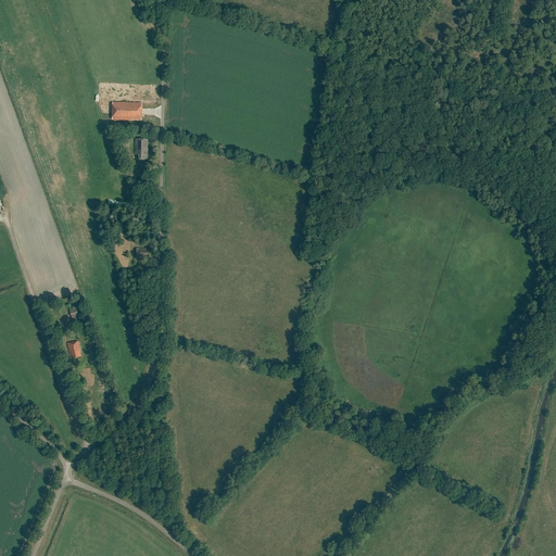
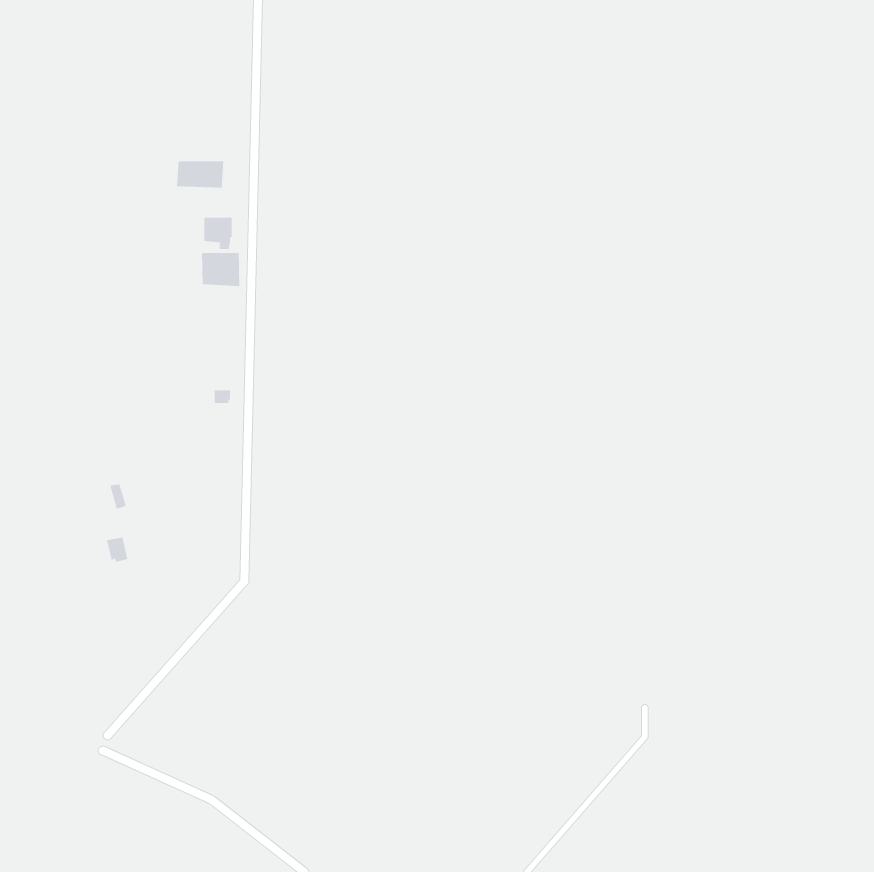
building: none -> [202,252,240,287]

